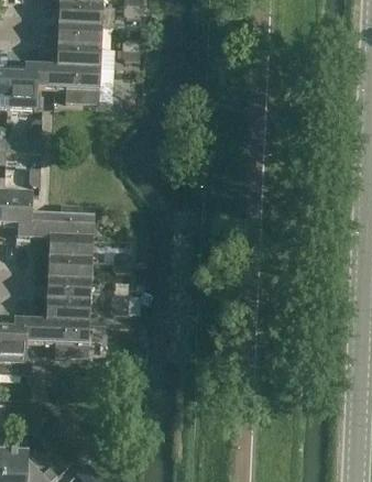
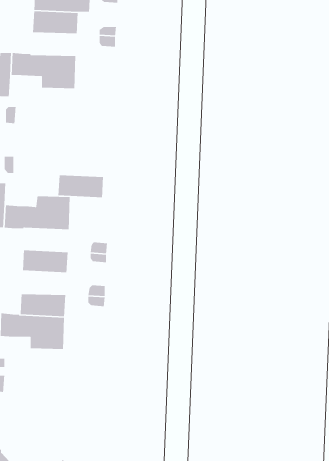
building: [55,44,100,66] -> none
building: [47,234,92,258] -> [58,174,104,198]
building: [45,276,90,299] -> none

